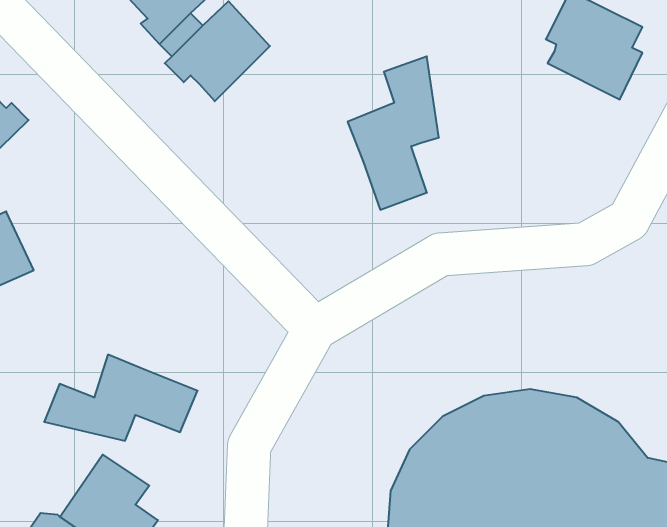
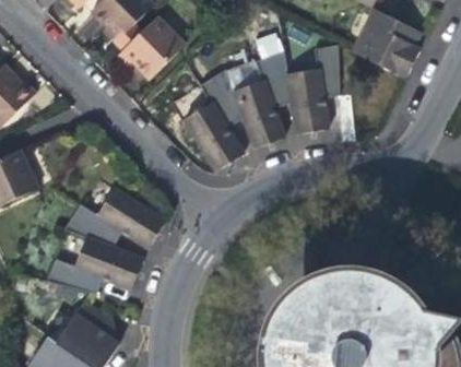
building: none -> [288,47,341,135]
building: none -> [187,73,245,173]
building: none -> [60,192,162,251]

